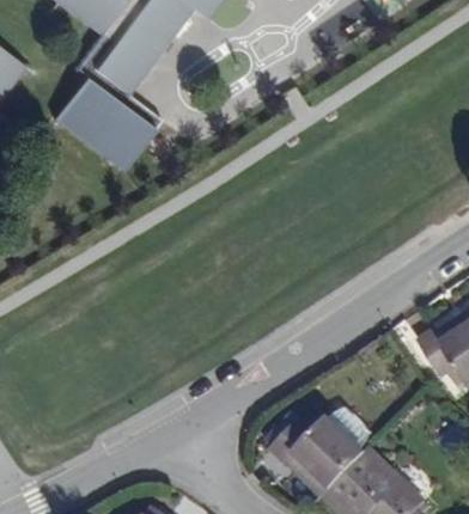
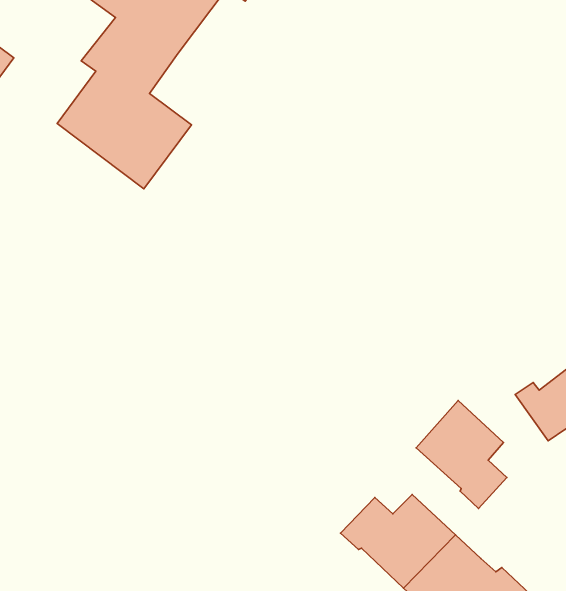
building: none -> [416,400,507,509]

